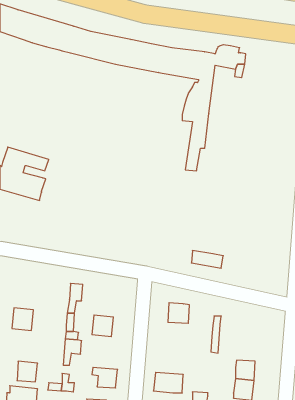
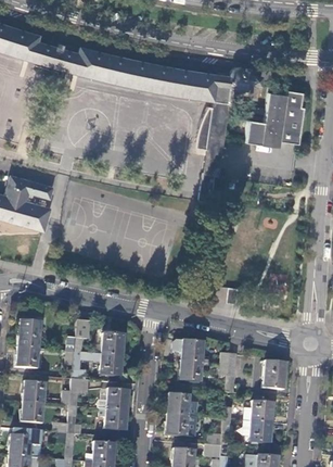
building: none -> [245,91,306,148]
building: none -> [18,321,41,349]
building: none -> [103,335,126,356]
building: none -> [180,362,203,383]
building: none -> [264,362,287,391]
building: none -> [23,382,44,405]
building: none -> [100,389,130,412]
building: none -> [168,394,198,417]

